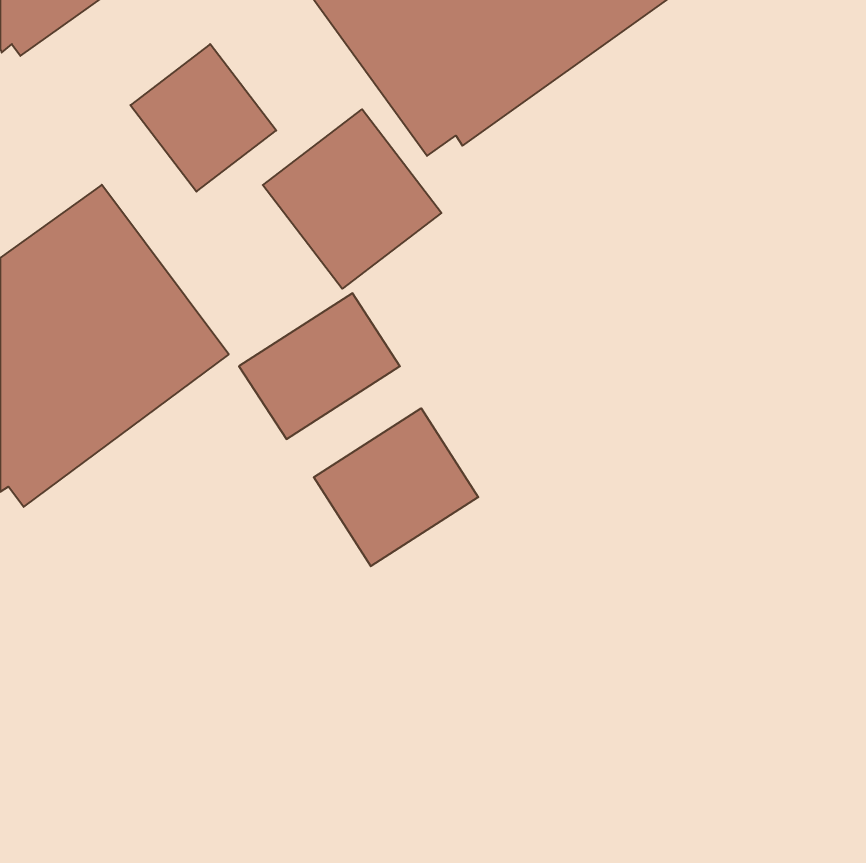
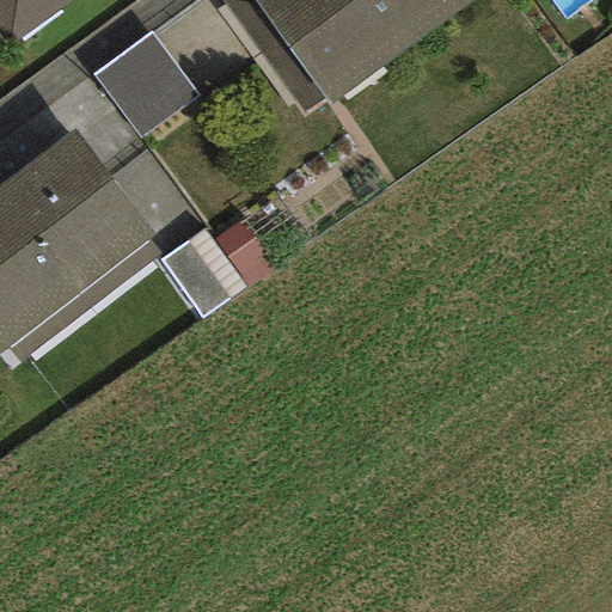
building: [263,109,441,289] -> none
building: [314,408,478,566] -> none

